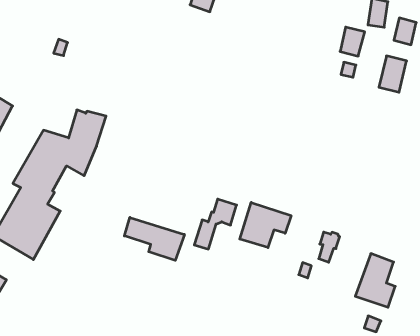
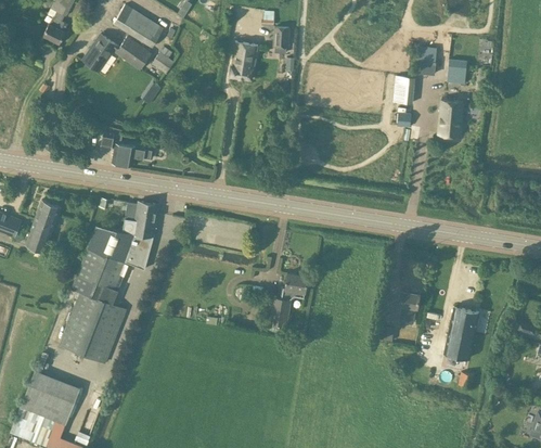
building: none -> [112,143,153,166]
building: [240,202,291,248] -> none
building: [124,217,184,260] -> none

